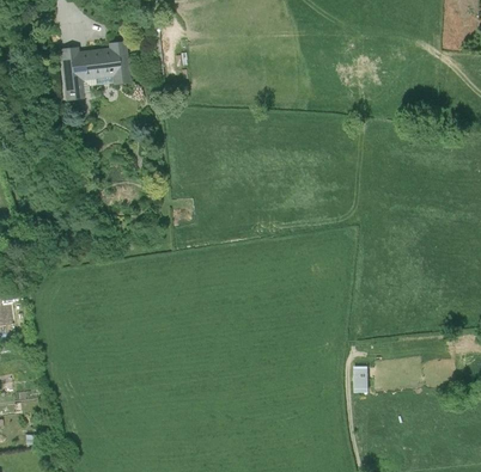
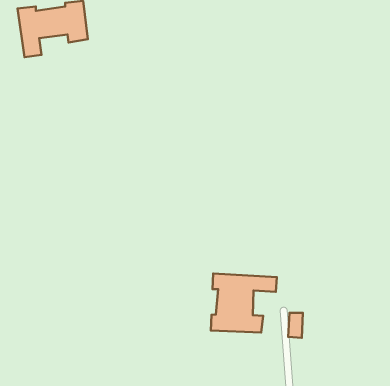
building: none -> [211,274,277,332]

